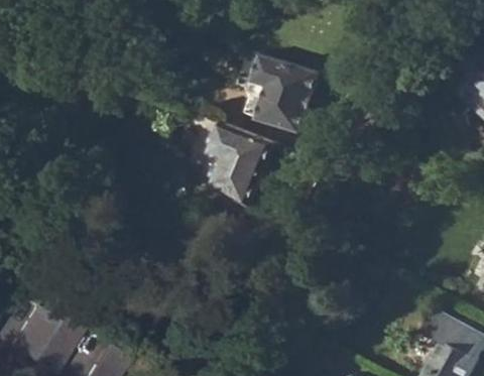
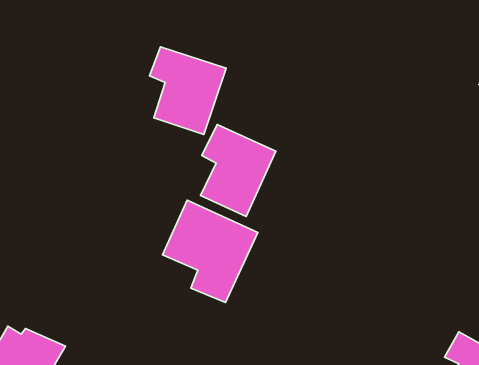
building: [250,57,320,137] -> [150,47,226,135]
building: none -> [162,200,258,303]

